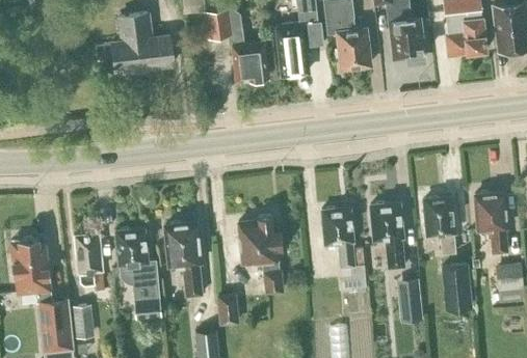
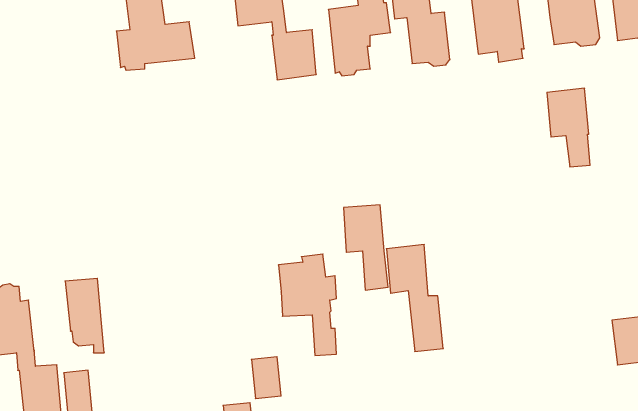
building: [475,193,508,253] -> [547,88,590,167]
building: [424,198,455,254] -> none
building: [371,203,405,269] -> [344,205,388,290]
building: [165,223,203,296] -> none
building: [115,228,161,320] -> none
building: [442,265,472,310] -> none
building: [396,278,423,324] -> none

